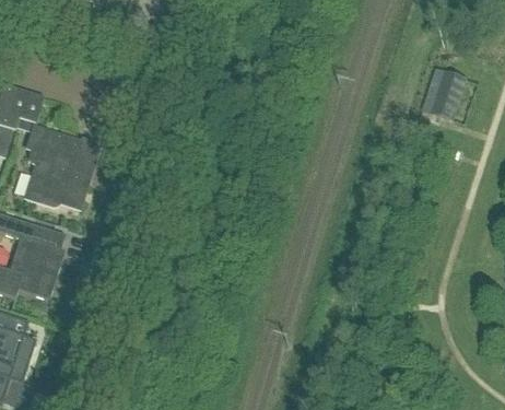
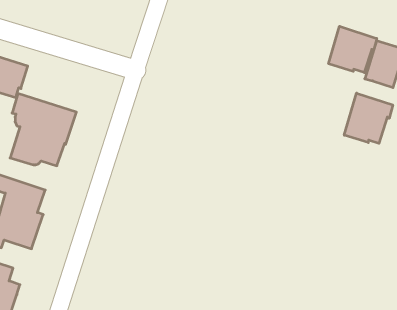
building: none -> [329,26,377,73]
building: none -> [344,93,393,143]

